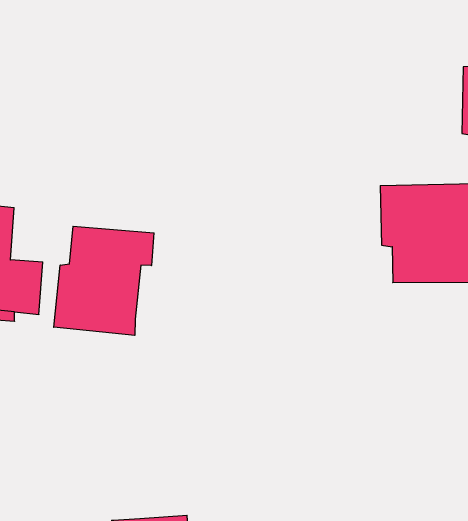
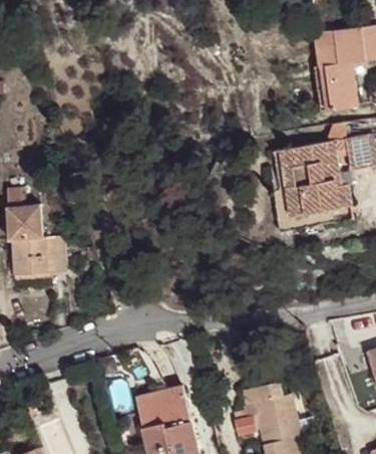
building: [54,226,154,335] -> none

